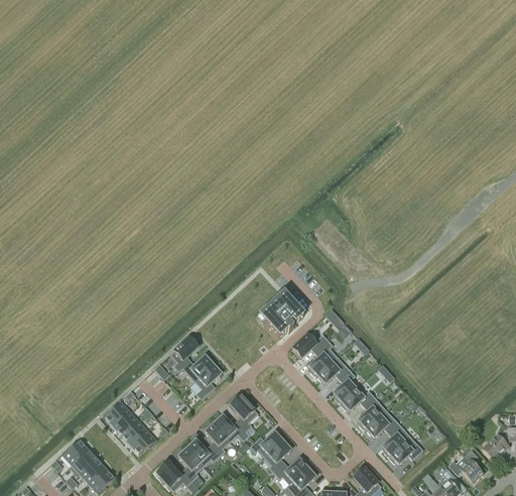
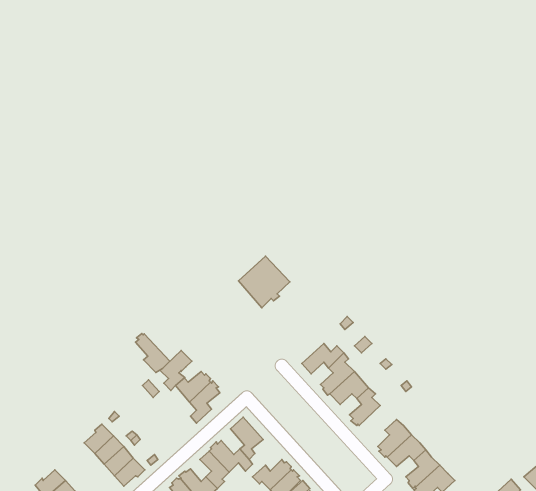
building: [258,293,302,338] -> [238,256,290,308]
building: none -> [136,333,170,373]
building: [340,385,373,411] -> none

